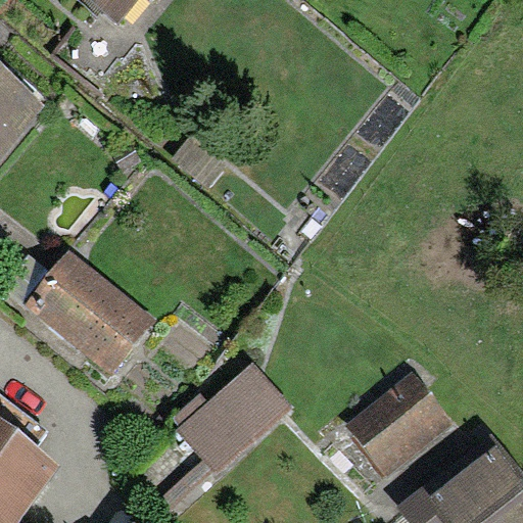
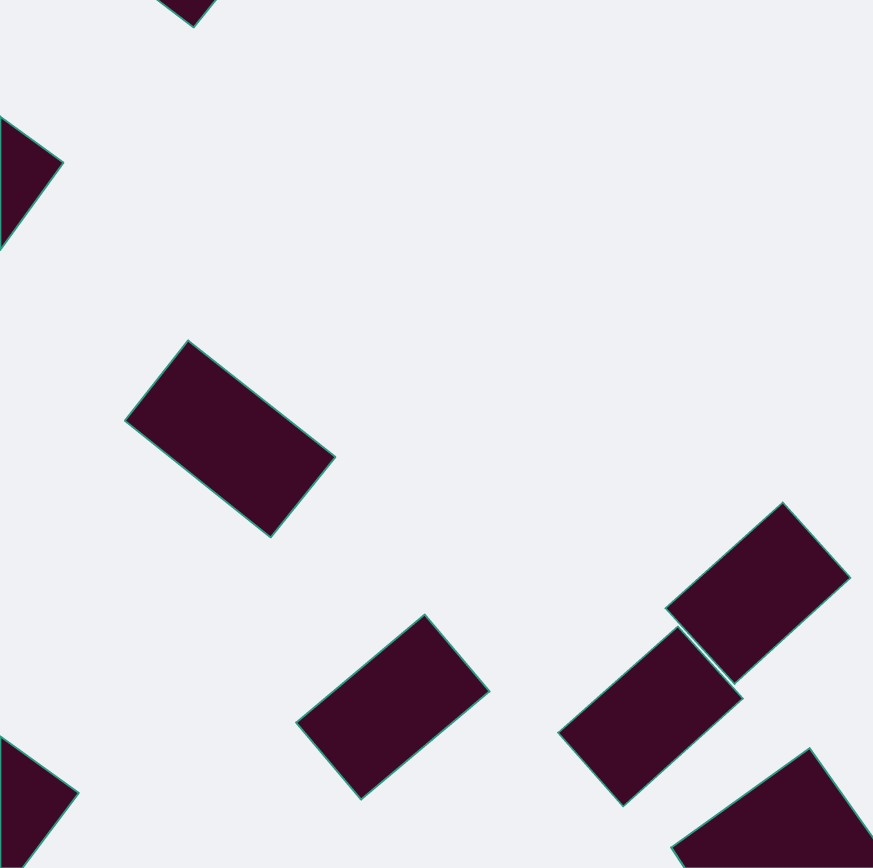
building: [31,255,156,373] -> [125,340,335,537]
building: none -> [665,502,850,684]

